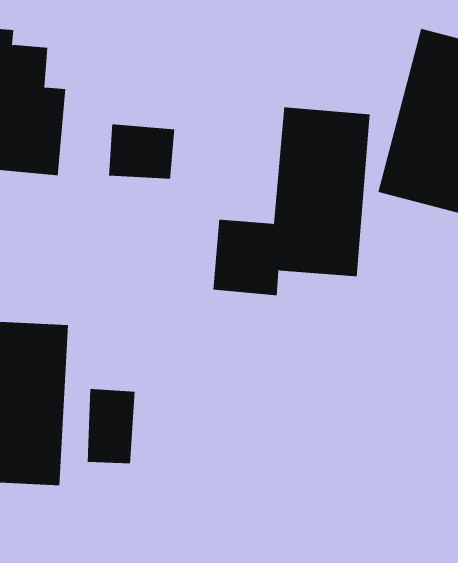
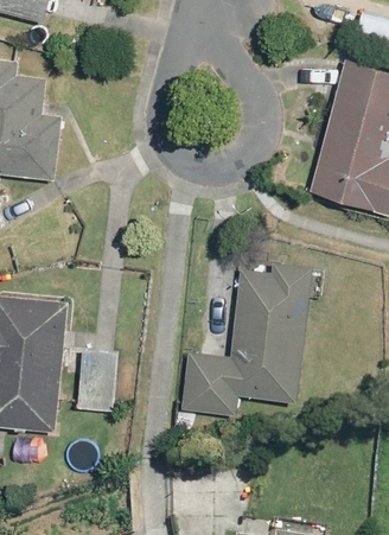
building: [213,107,371,296] -> [183,263,310,415]
building: [108,124,175,180] -> none

